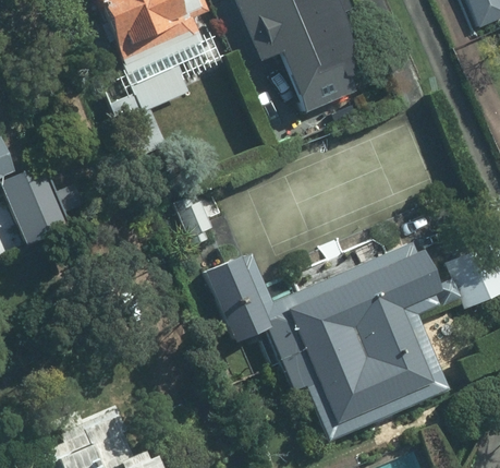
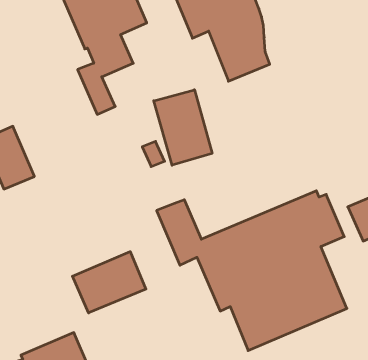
building: none -> [154,90,212,165]
building: none -> [72,252,146,313]

